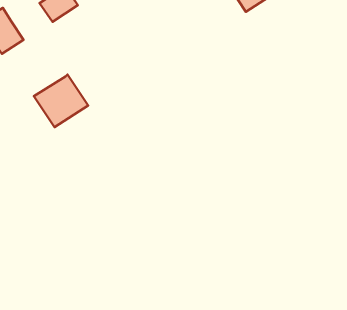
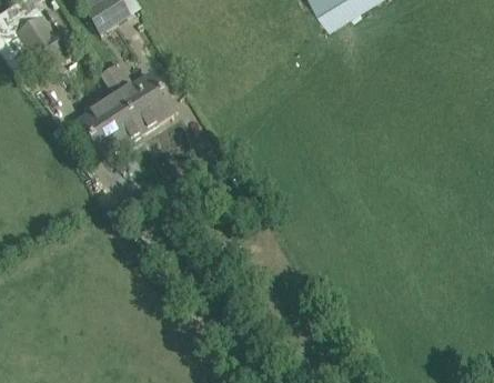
building: none -> [101,59,174,130]

